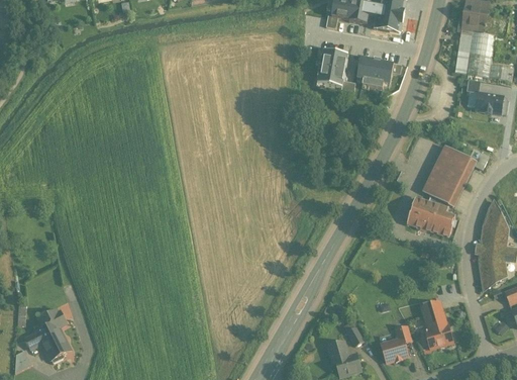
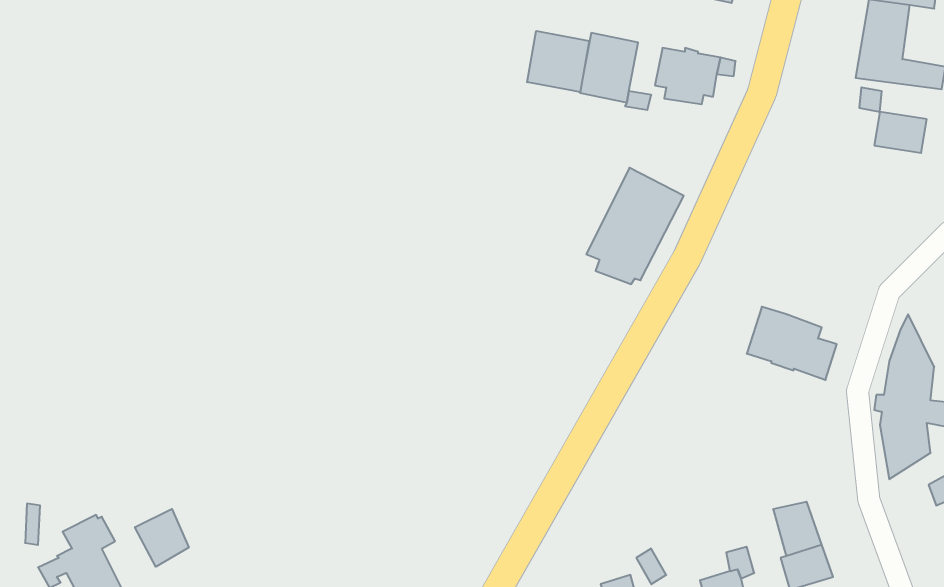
building: none -> [527,31,589,92]
building: [423,145,476,207] -> [586,168,684,284]
building: none -> [135,509,189,567]

